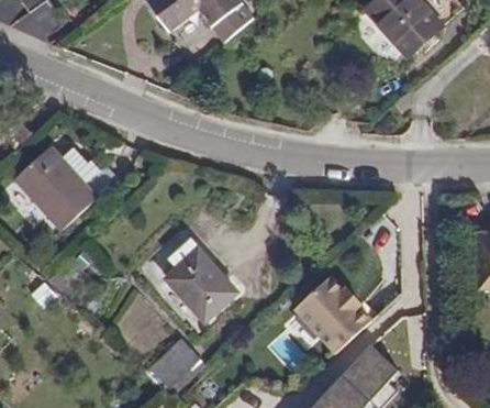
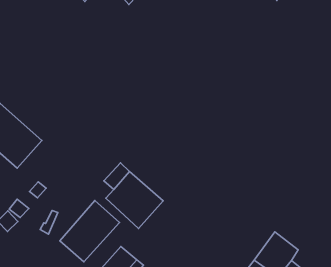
building: [298,279,369,353] -> none
building: none -> [60,200,119,262]

